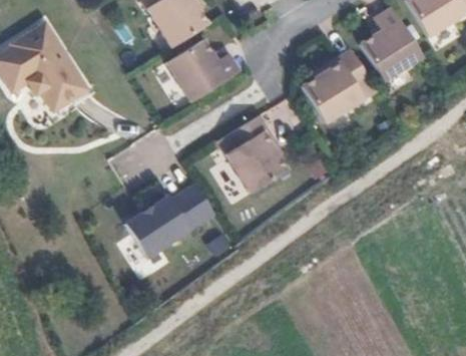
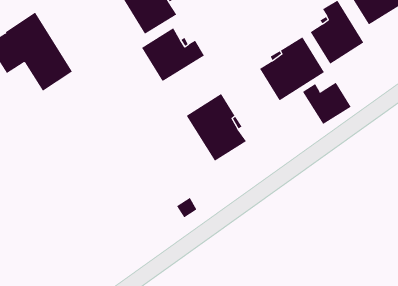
building: none -> [302,82,351,125]
building: [119,173,209,247] -> none

